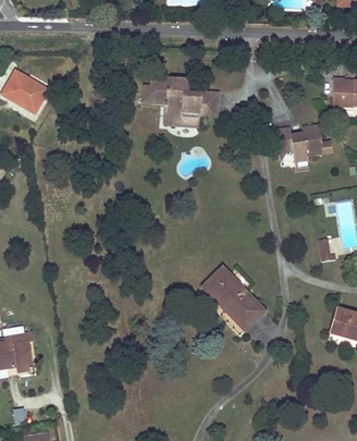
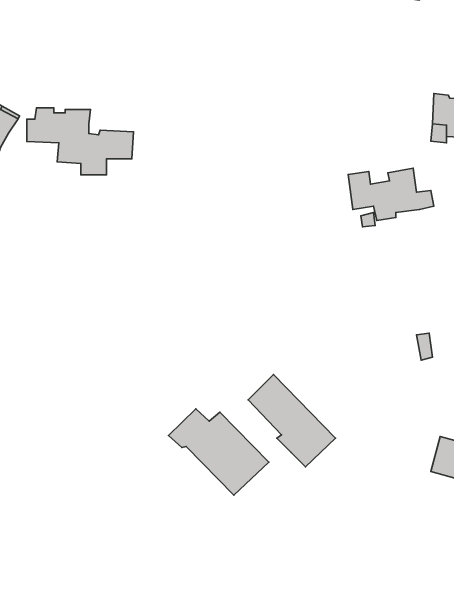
building: [144,77,217,123] -> [27,108,133,175]
building: none -> [169,409,269,495]

